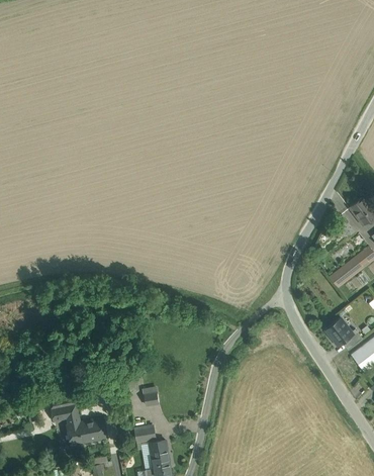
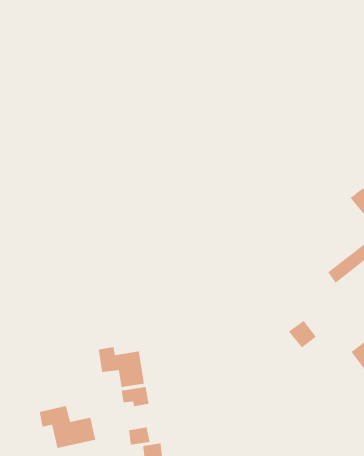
building: [322,318,350,346] -> [288,320,317,349]
building: none -> [98,346,145,388]

